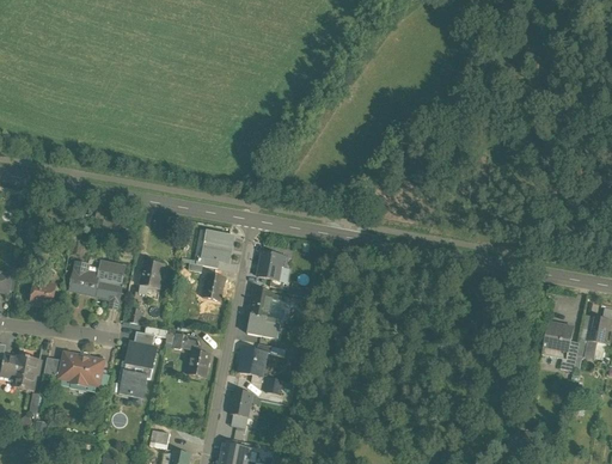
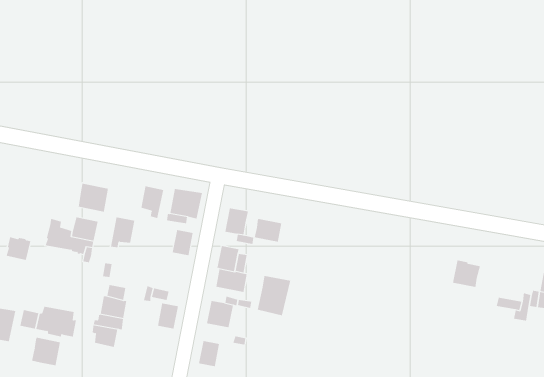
building: none -> [78,183,108,212]
building: none -> [141,185,164,219]
building: none -> [254,218,282,242]
building: [544,319,574,348] -> [452,260,481,287]
building: none -> [257,275,291,316]
building: none -> [31,337,61,366]

